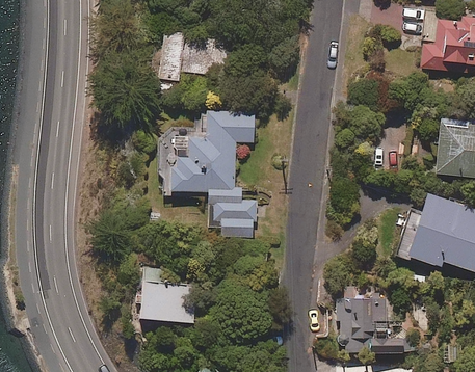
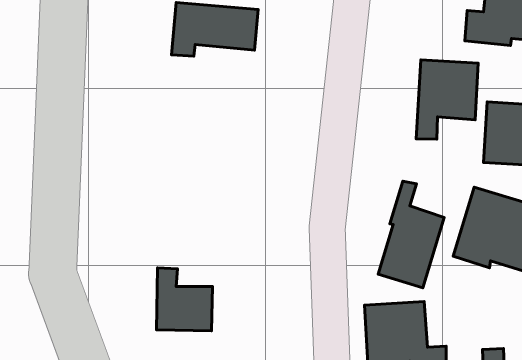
building: none -> [416,60,478,139]
building: [174,110,254,236] -> none
building: none -> [378,181,444,288]

